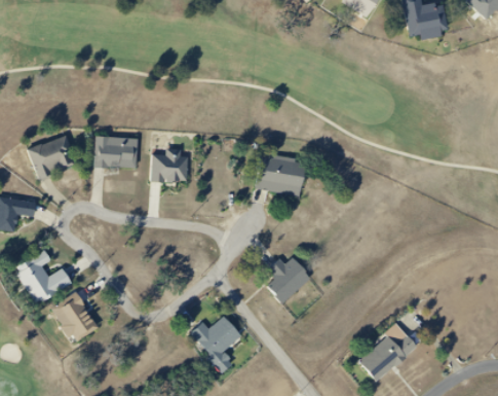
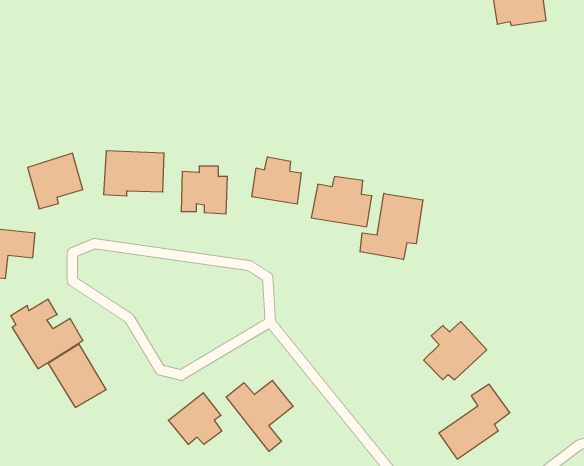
building: none -> [252,157,301,204]
building: none -> [360,193,423,260]
building: [266,256,316,302] -> [424,322,487,380]
building: none -> [168,393,222,444]

